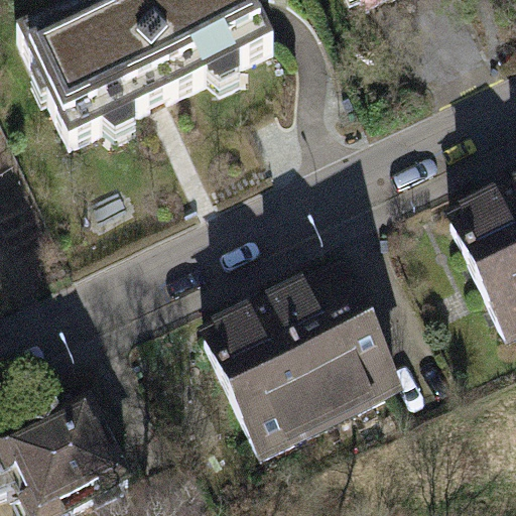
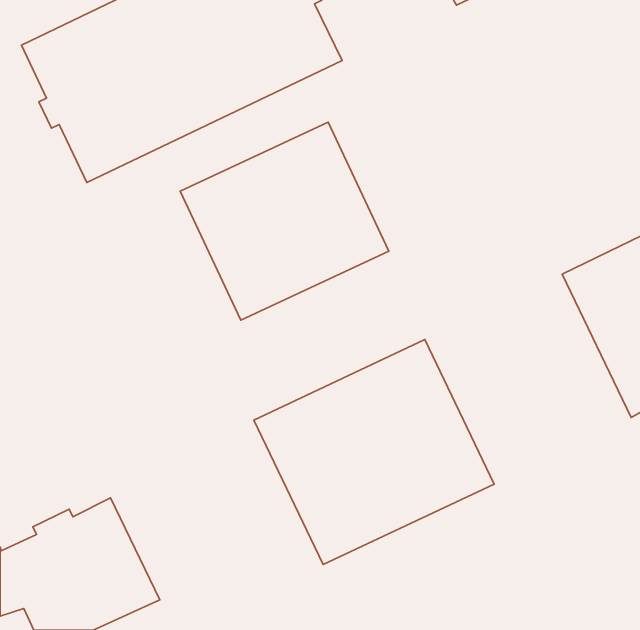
building: none -> [180,122,389,320]

